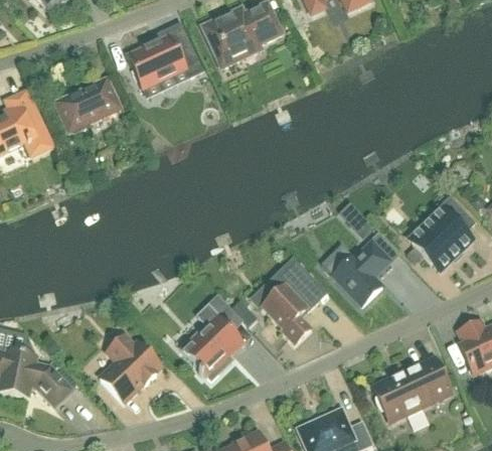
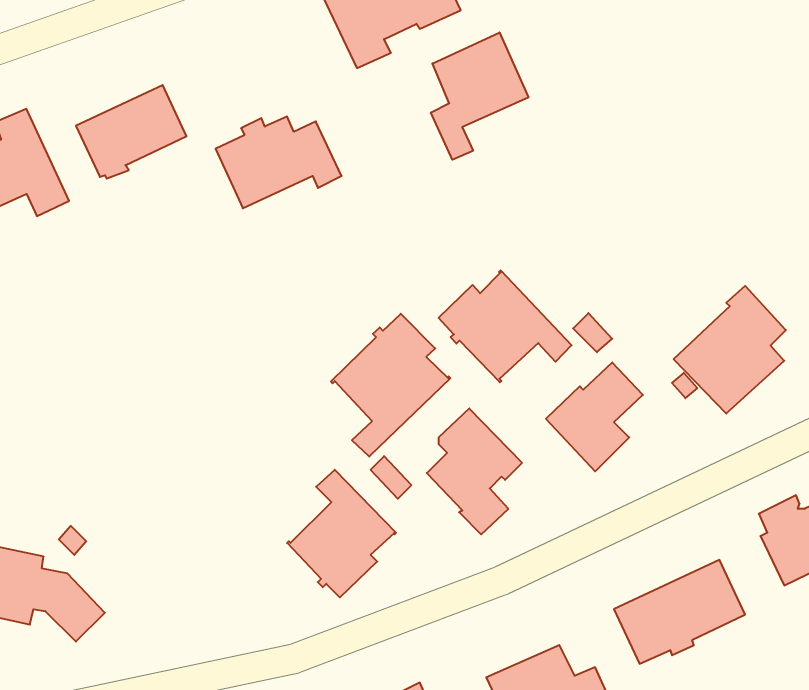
building: [128,34,202,89] -> [216,116,342,208]
building: none -> [431,32,528,160]
building: none -> [439,270,572,382]
building: none -> [331,314,450,457]
building: [100,333,162,402] -> none

